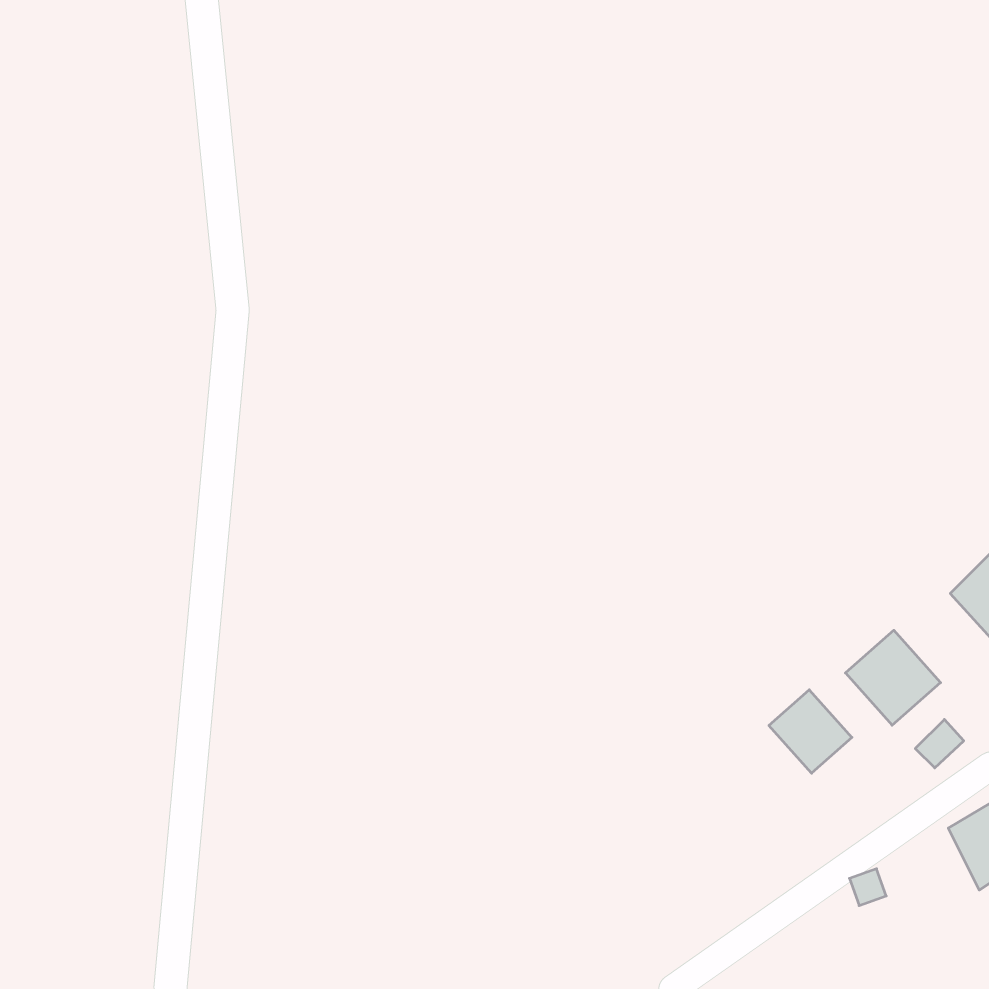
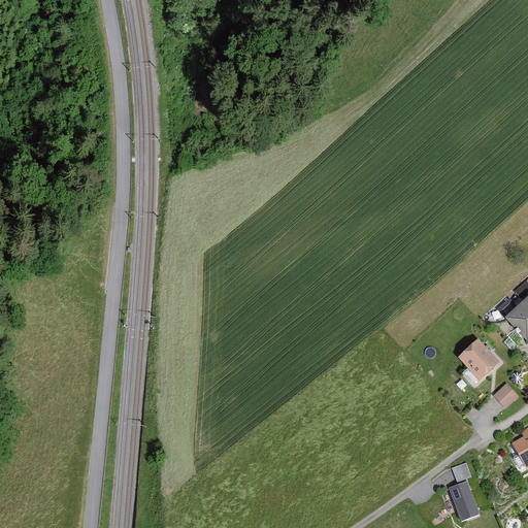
building: [769,690,852,773] -> none
building: none -> [450,481,481,521]

